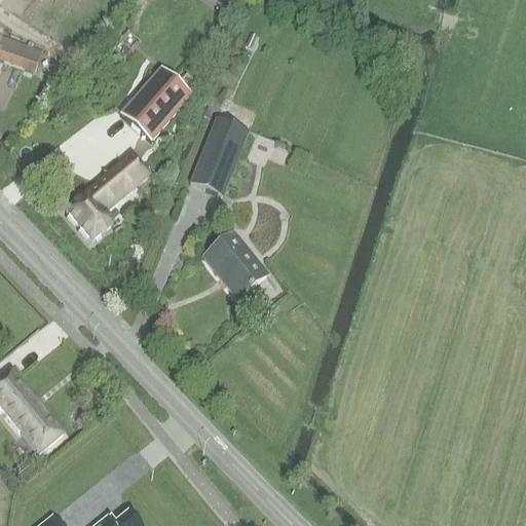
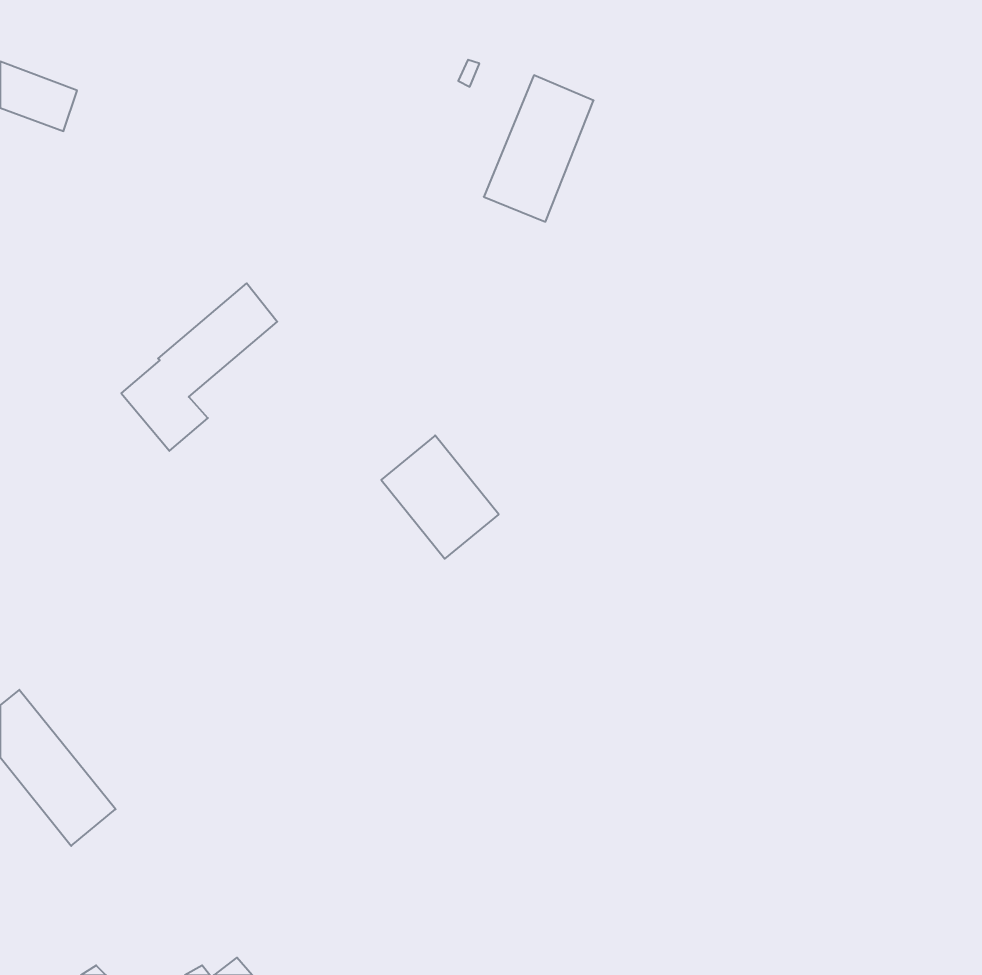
building: [119,66,193,141] -> none
building: [190,117,249,195] -> [484,75,594,222]

